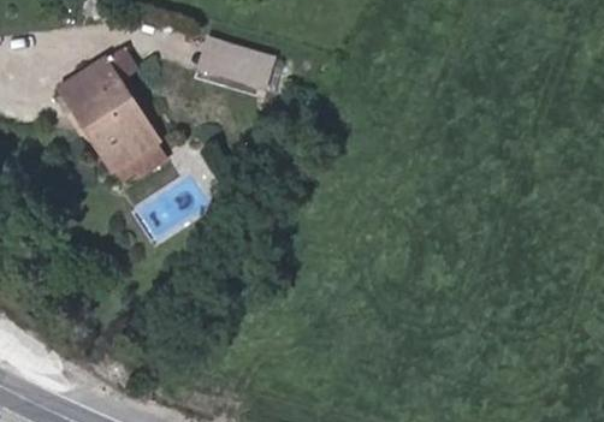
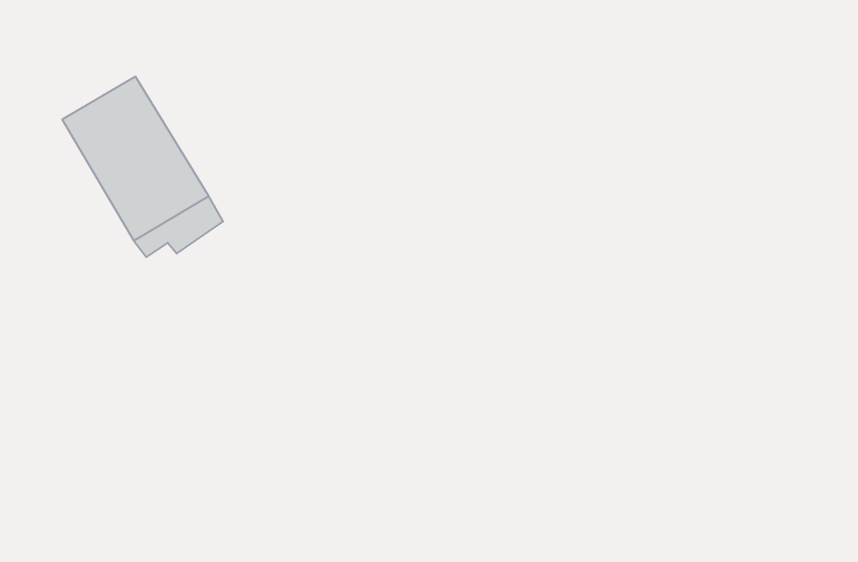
building: [194,36,272,93] -> none

